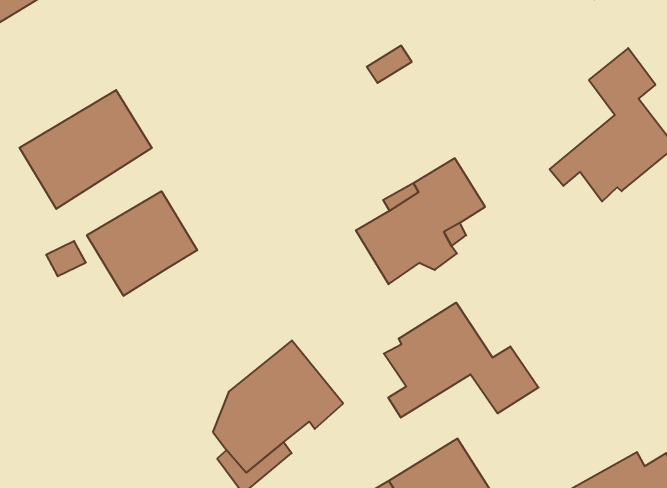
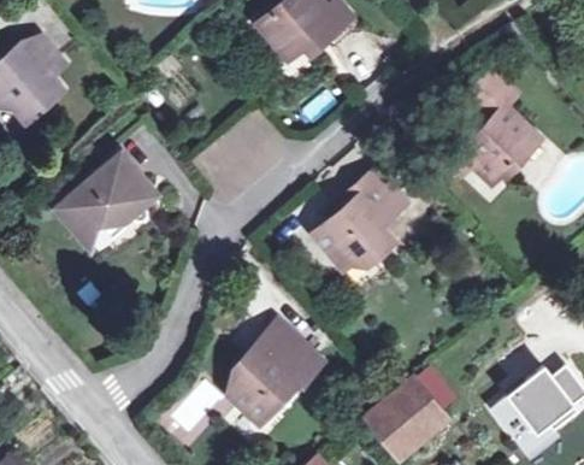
building: [87,191,197,296] -> none
building: [384,303,539,418] -> none

